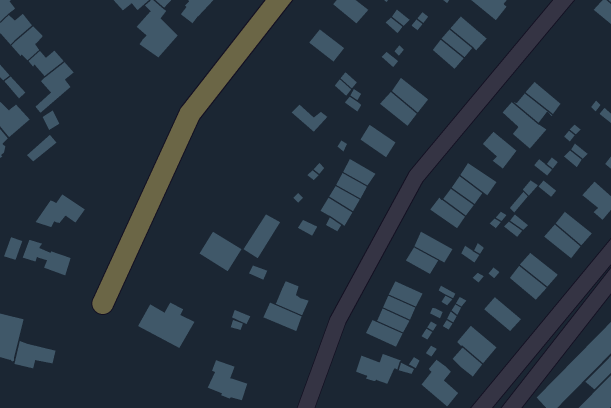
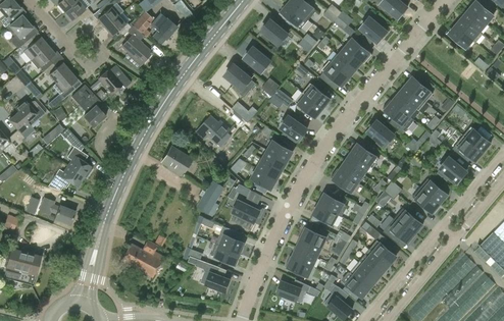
building: none -> [319,60,349,88]
building: none -> [224,65,255,98]
building: none -> [98,69,131,95]
building: none -> [406,76,434,102]
building: none -> [71,85,105,127]
building: none -> [201,115,231,143]
building: none -> [67,148,91,177]
building: [198,231,243,272] -> [160,147,192,176]
building: none -> [233,197,264,227]
building: none -> [360,249,389,276]
building: [14,340,56,369] -> none
building: [207,359,248,401] -> [200,262,230,291]

